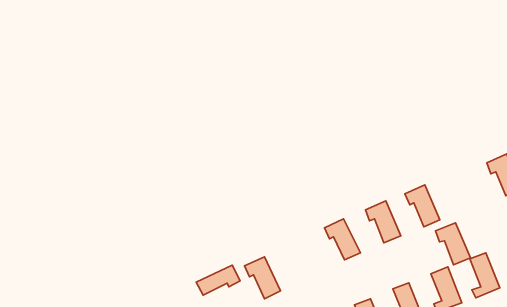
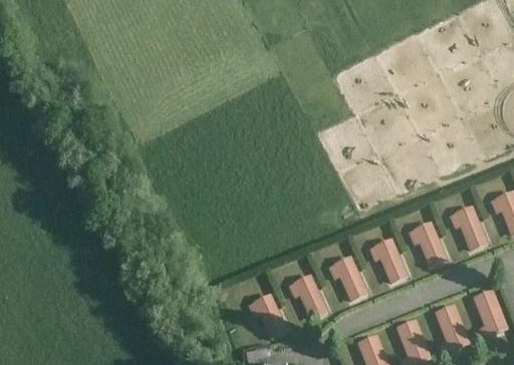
building: [436,223,471,265] -> [451,207,486,249]
building: none -> [289,276,325,318]
building: [196,265,240,295] -> none

